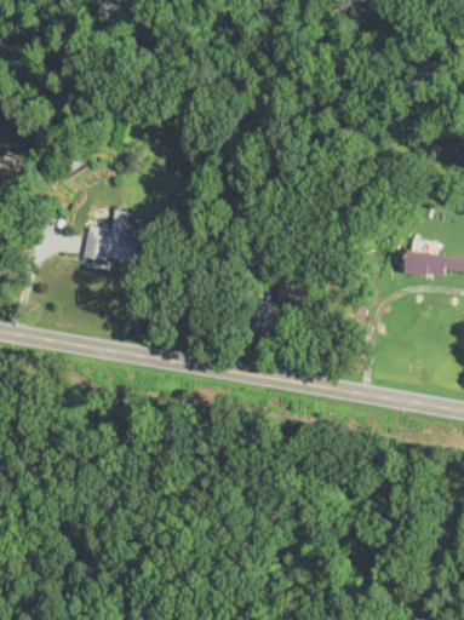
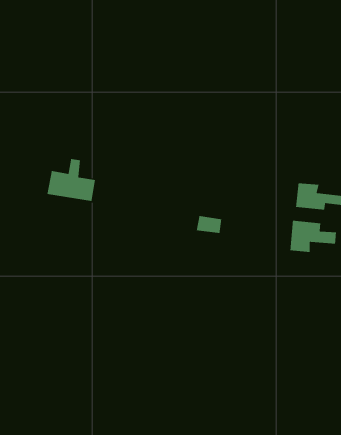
building: none -> [290,220,337,253]

